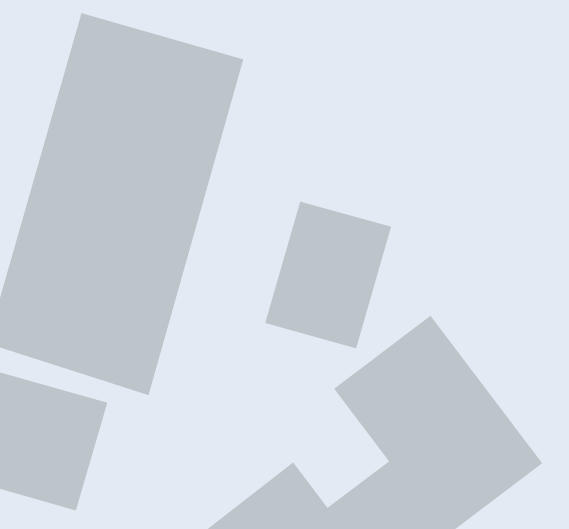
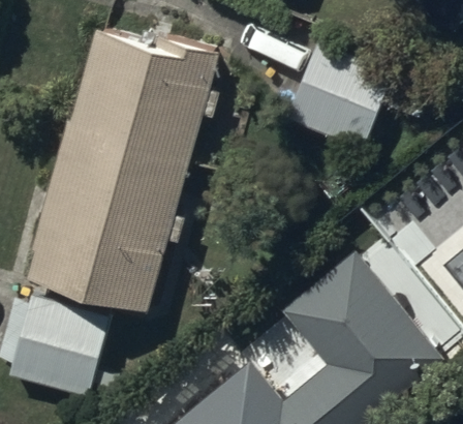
building: none -> [285,37,392,147]
building: [265,201,392,349] -> none

